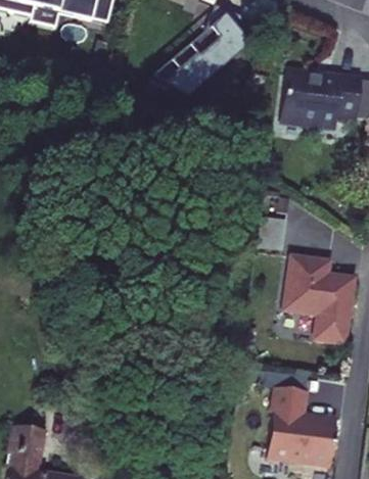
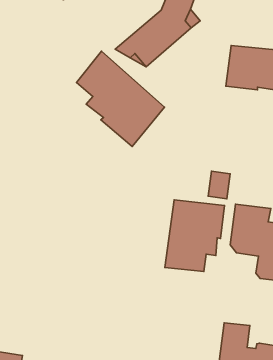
building: none -> [76,51,164,147]
building: none -> [165,200,224,272]

